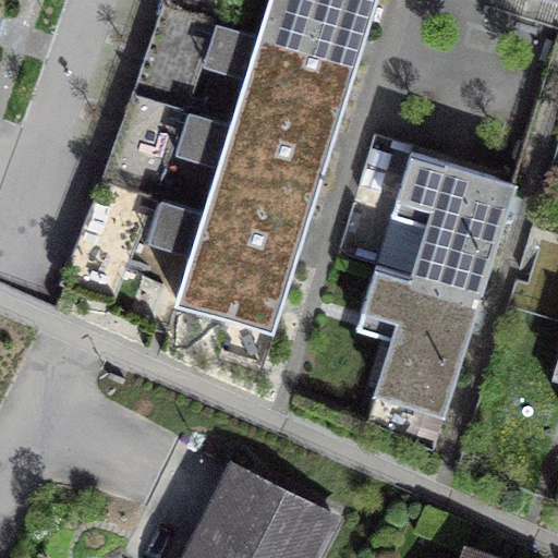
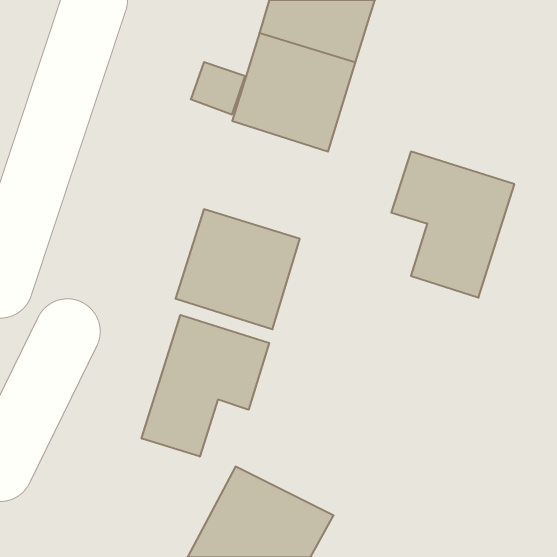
building: [204,121,328,239] -> none
building: [357,266,478,412] -> none
building: none -> [142,315,269,457]

